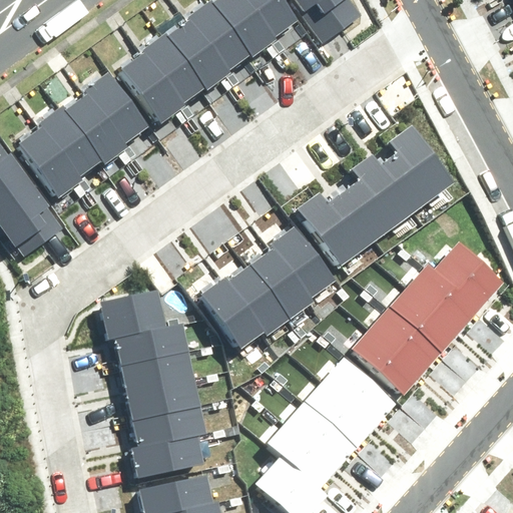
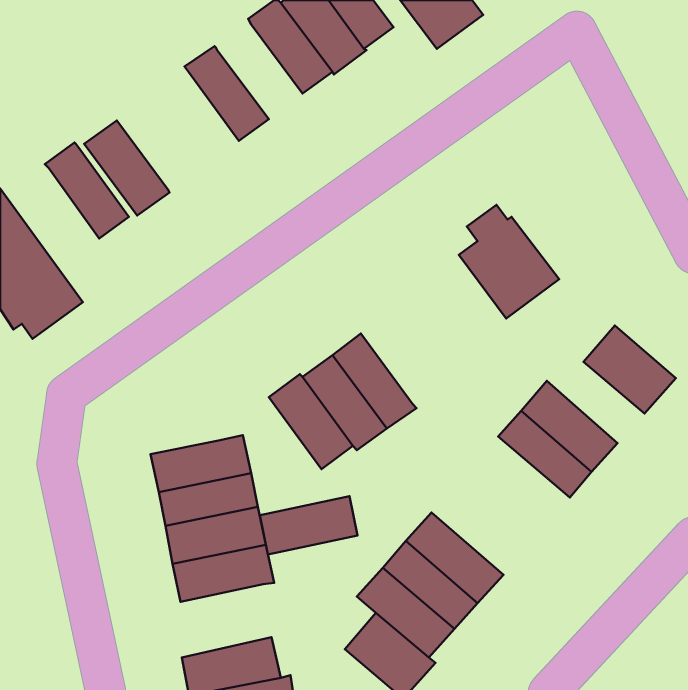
building: [166,20,228,90] -> none
building: [119,55,182,125] -> none
building: [87,71,149,142] -> none
building: [16,126,79,197] -> none
building: [382,126,453,208] -> none
building: [295,189,378,267] -> none
building: [270,229,333,301] -> none
building: [408,262,480,330] -> none
building: [101,293,165,340] -> none
building: [353,325,425,392] -> none
building: [323,359,395,427] -> none
building: [132,434,204,477] -> [260,496,358,554]

